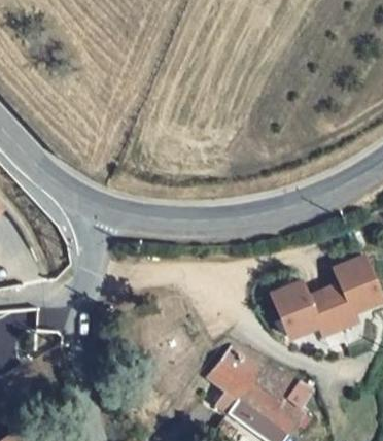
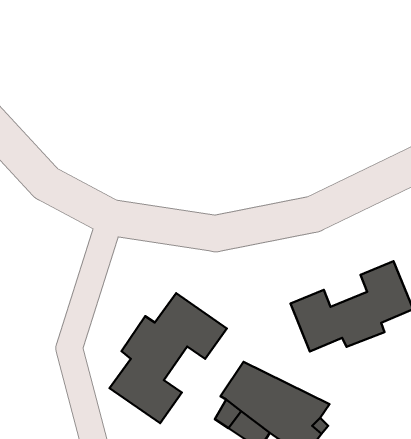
building: none -> [110,293,227,423]

